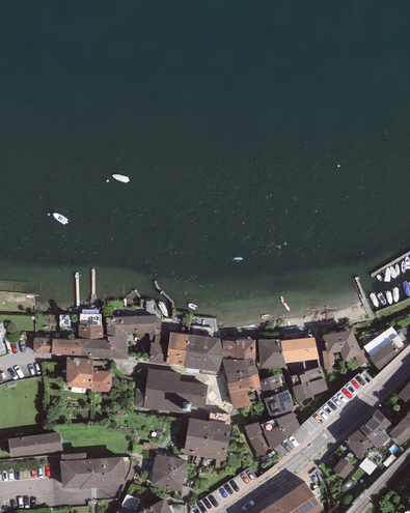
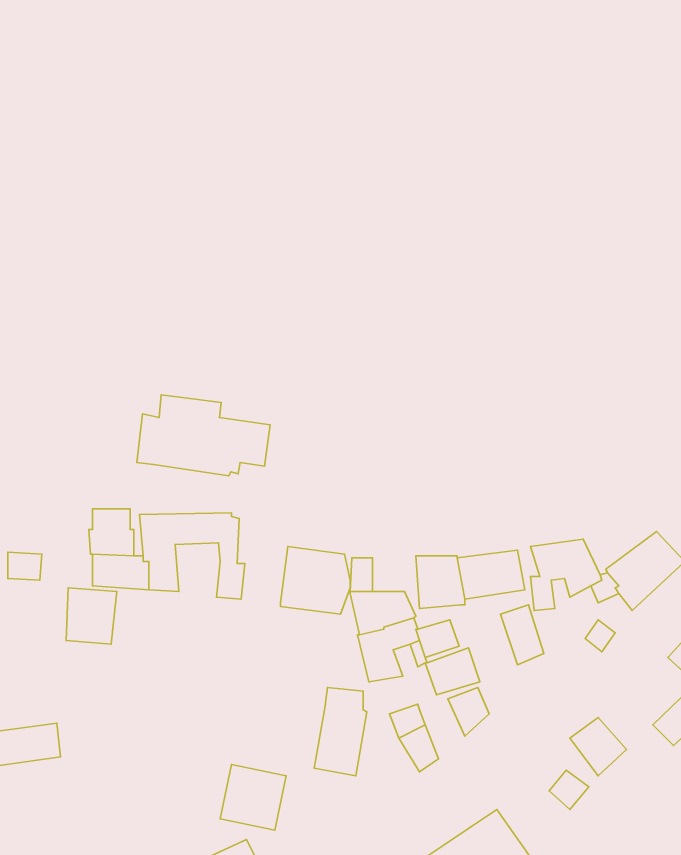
building: [166,332,188,365] -> none
building: [51,338,80,355] -> none
building: [235,339,255,359] -> none
building: [90,367,111,392] -> none
building: [134,368,208,412] -> [137,395,270,476]
building: [291,371,315,406] -> none
building: [359,408,391,448] -> none
building: [183,418,209,456] -> none
building: [261,418,285,451] -> none
building: [60,452,125,487] -> none

